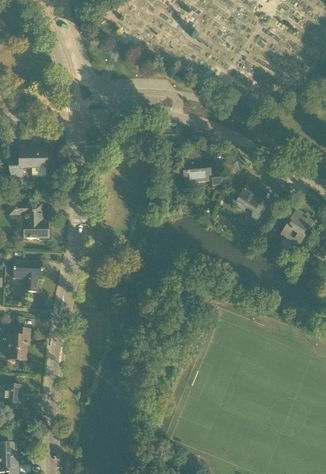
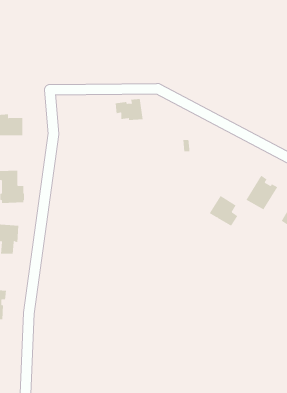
building: [182,159,212,182] -> [115,99,143,120]
building: [236,183,267,216] -> [209,195,238,227]

